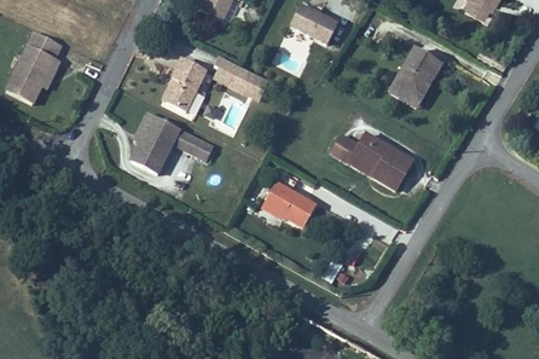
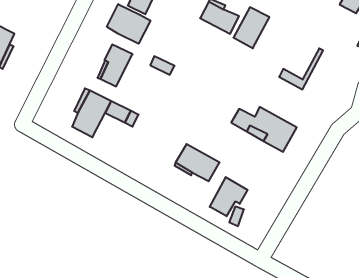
building: none -> [107,4,150,44]
building: [393,50,437,100] -> [233,7,269,48]
building: none -> [210,177,247,216]

